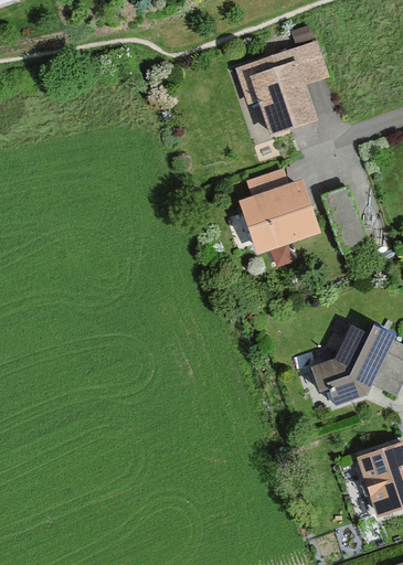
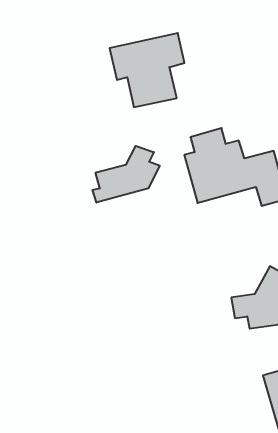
building: [233,43,325,137] -> [110,33,184,107]
building: none -> [92,146,160,203]

